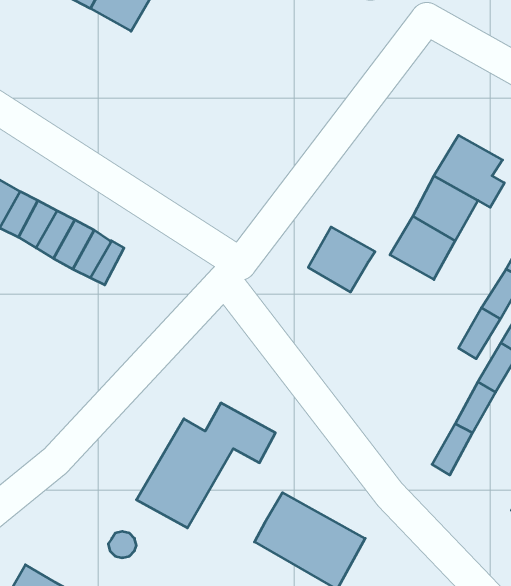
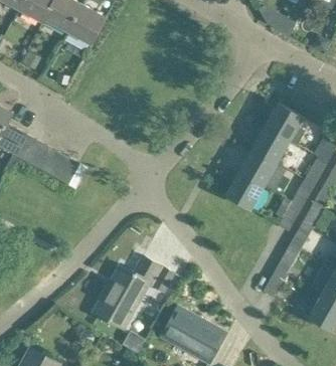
building: [308,227,375,292] -> [225,172,264,209]

